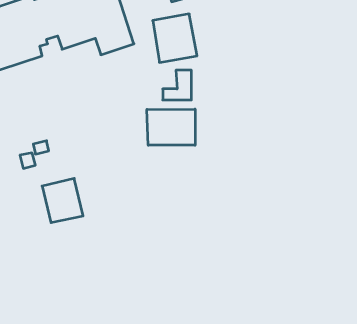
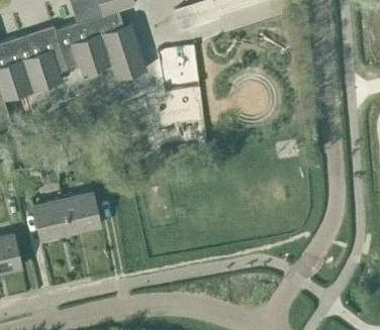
building: [147,109,195,145] -> none
building: none -> [31,201,69,241]

